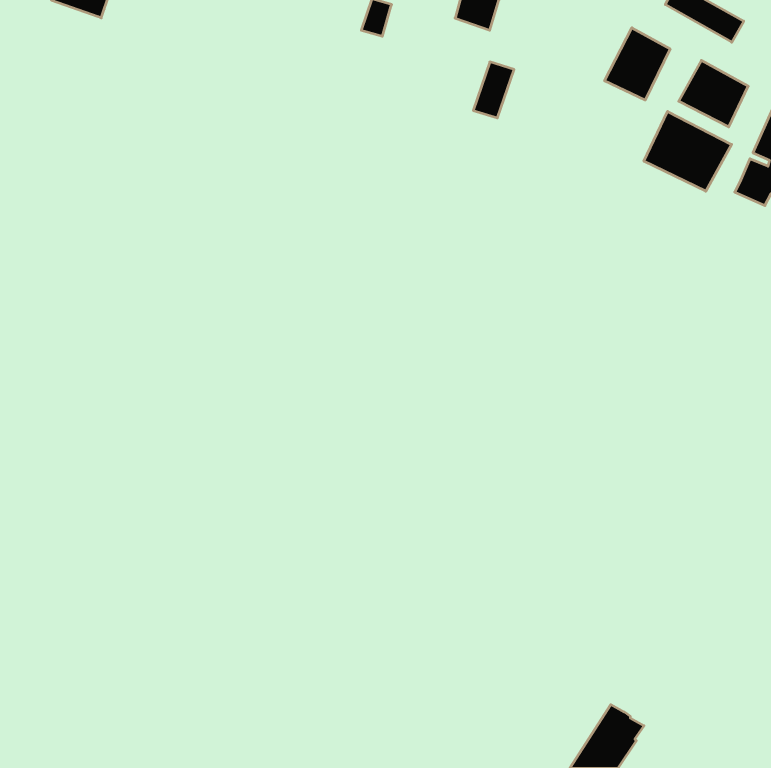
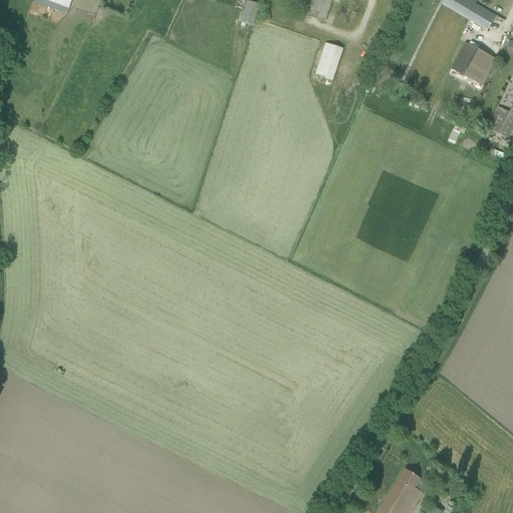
building: [605,28,670,100] -> none
building: [644,111,732,191] -> none

